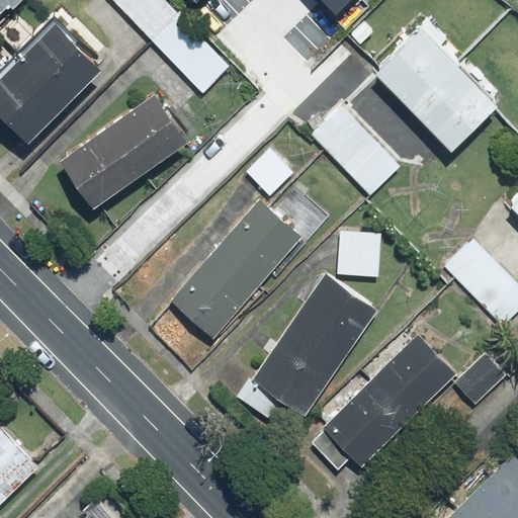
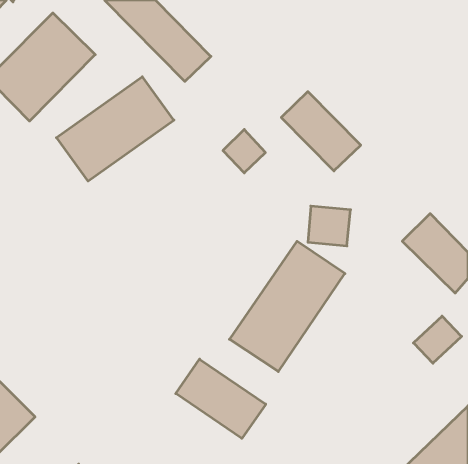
building: [372,22,501,148] -> none
building: [164,200,300,346] -> none
building: [322,335,455,467] -> none
building: none -> [176,359,266,438]

